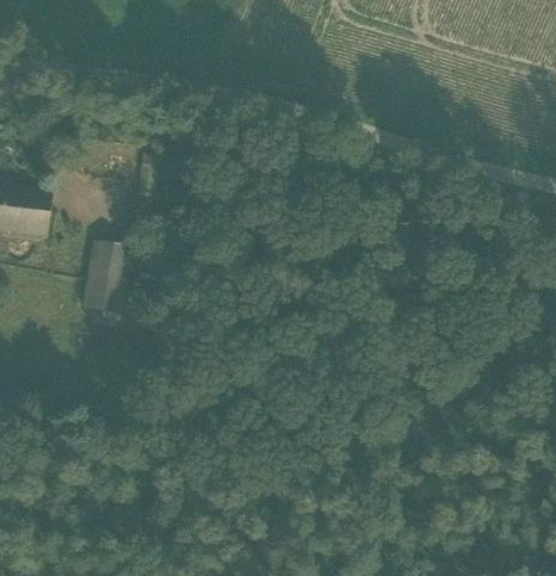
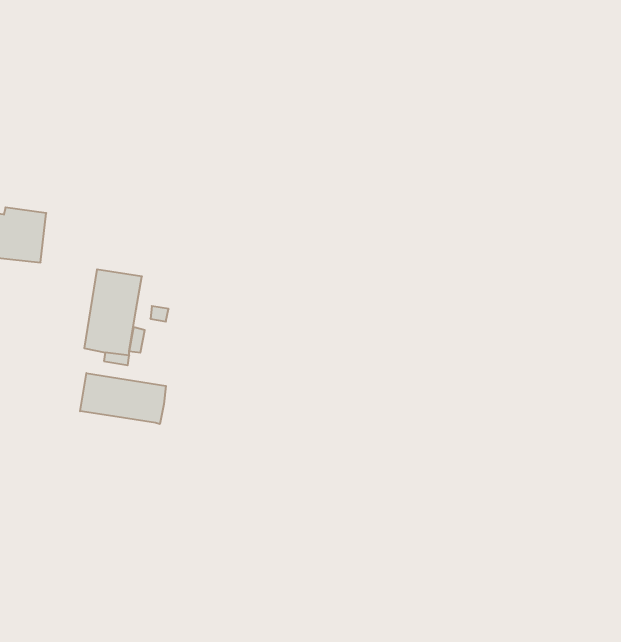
building: none -> [80,373,166,424]

